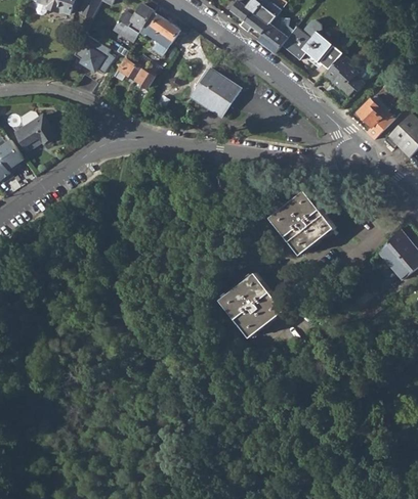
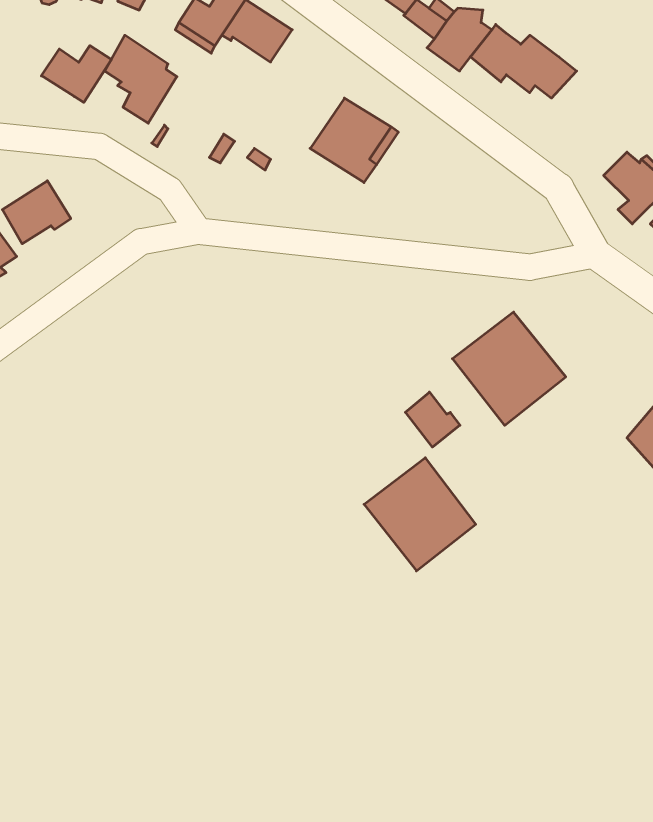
building: none -> [41,46,111,102]
building: [323,53,365,96] -> none
building: [113,58,155,88] -> none
building: none -> [405,392,460,447]

